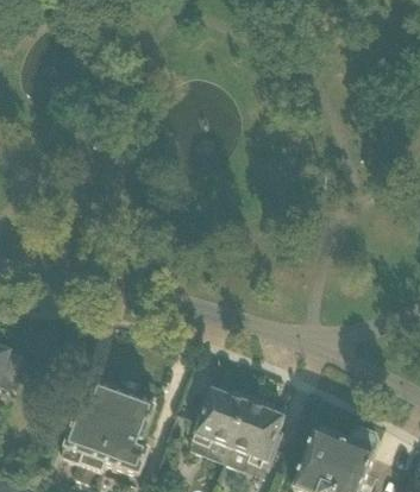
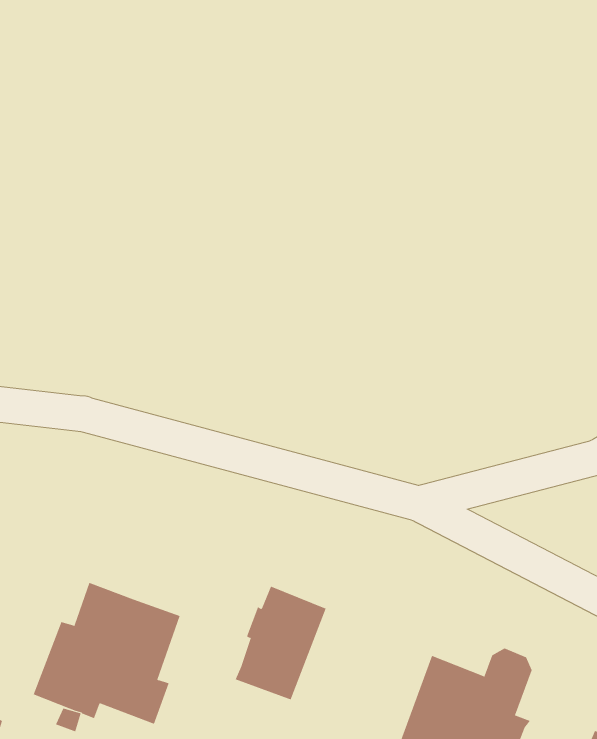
building: [224,400,283,467] -> none

